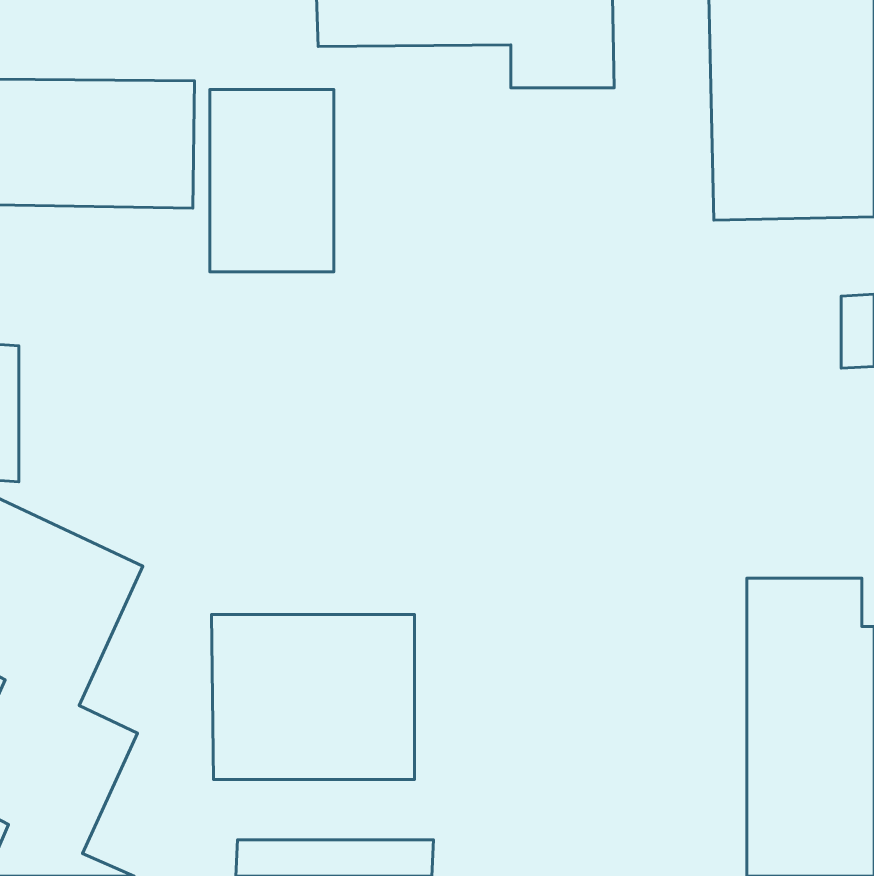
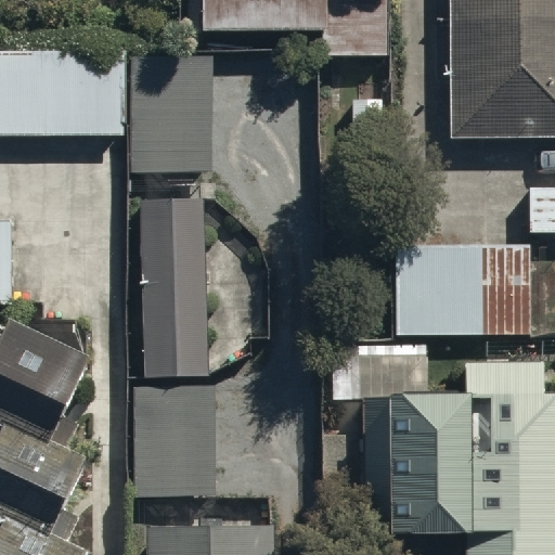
building: none -> [144,196,205,377]
building: none -> [393,249,530,331]
building: none -> [390,398,468,537]

